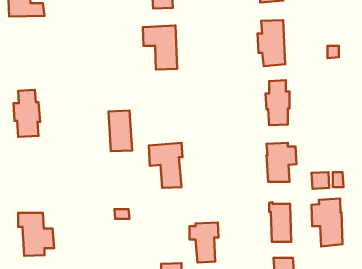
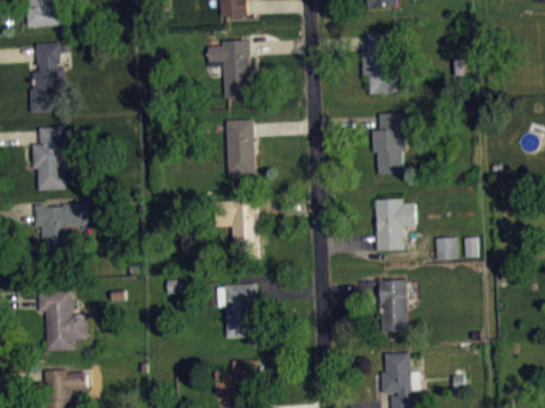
building: none -> [30,42,63,112]
building: [108,111,132,151] -> [224,118,256,173]
building: none -> [32,203,86,253]
building: [311,199,342,247] -> none
building: [189,223,219,262] -> [217,283,256,336]

